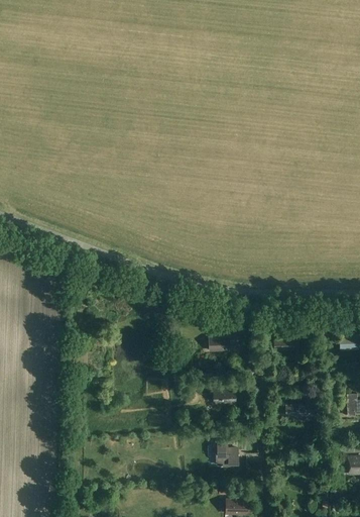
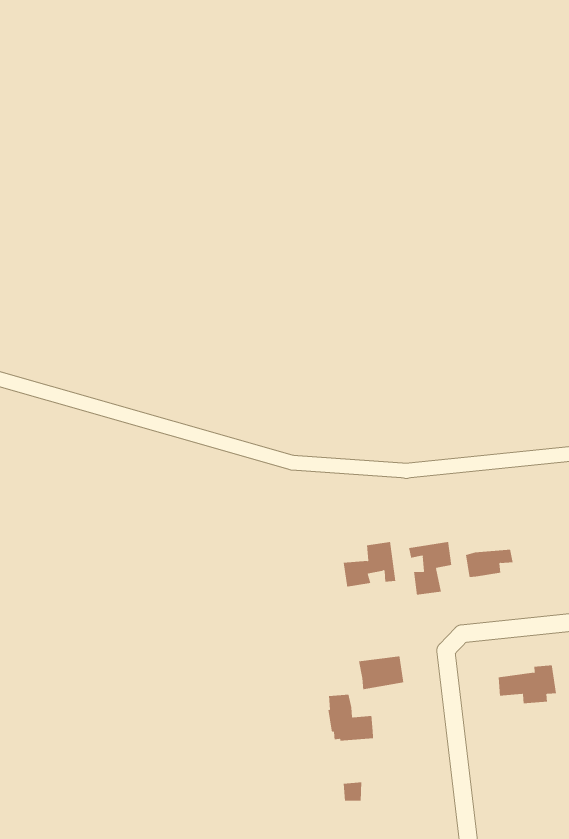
building: none -> [409,541,452,595]
building: [216,442,239,467] -> [327,694,374,741]

